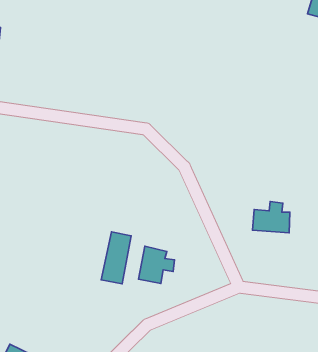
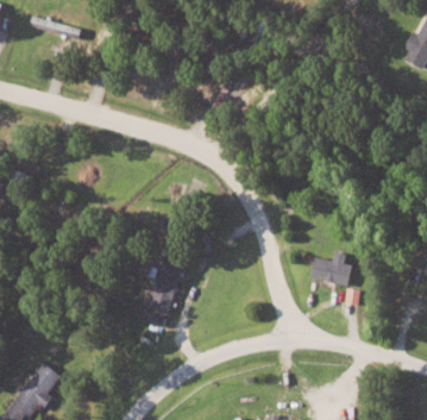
building: [139,246,175,283] -> none

